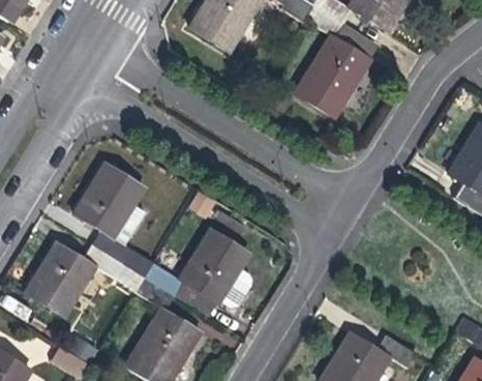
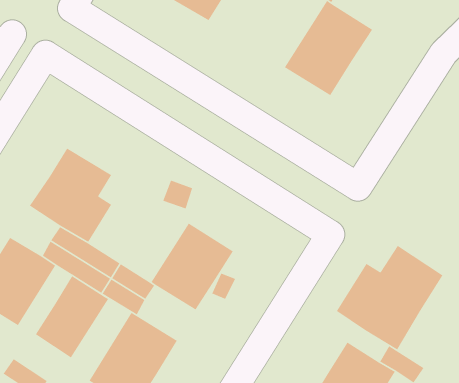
building: none -> [336,245,444,351]
building: none -> [35,275,109,358]

